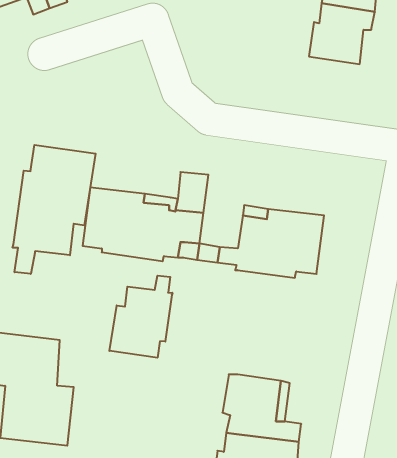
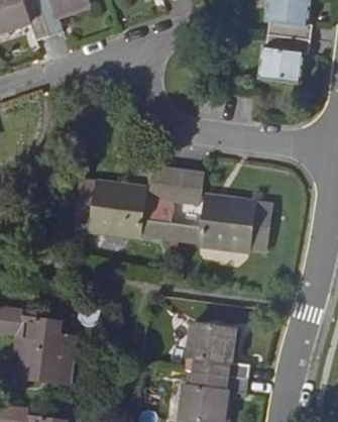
building: [13,145,96,274] -> none
building: none -> [173,169,202,203]
building: [109,276,172,358] -> none

